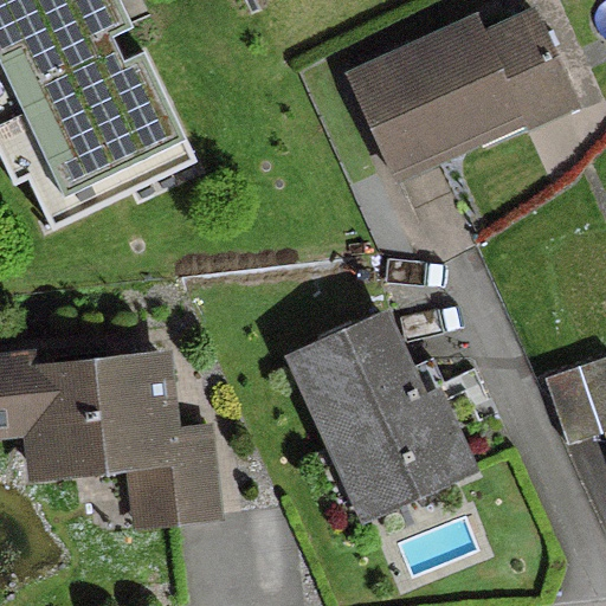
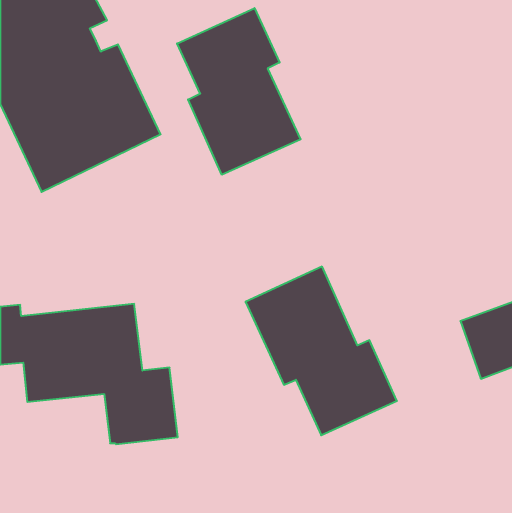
building: none -> [177,8,301,175]
building: [352,14,567,173] -> none

